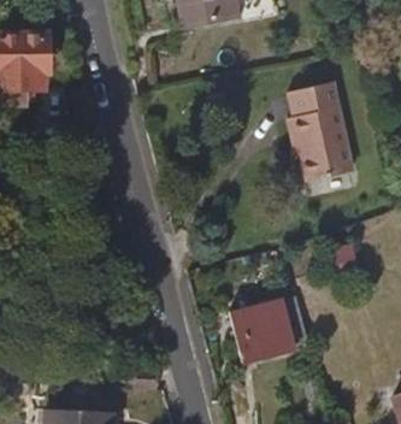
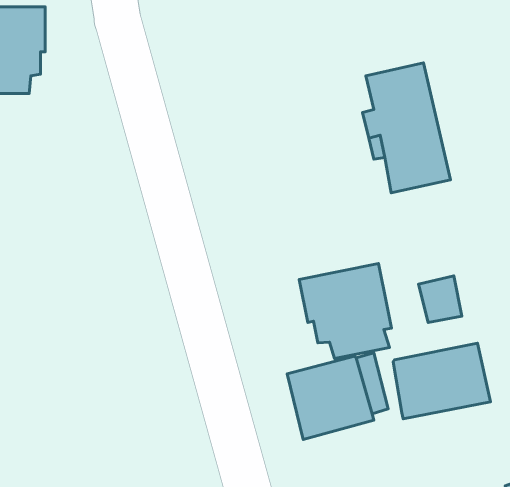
building: none -> [299,264,391,359]
building: none -> [393,343,491,419]

